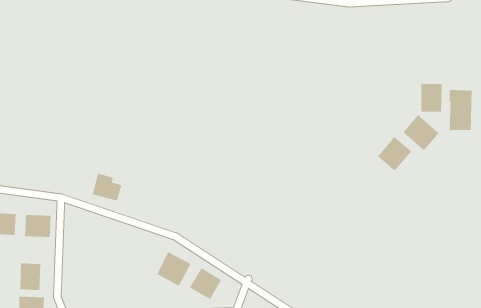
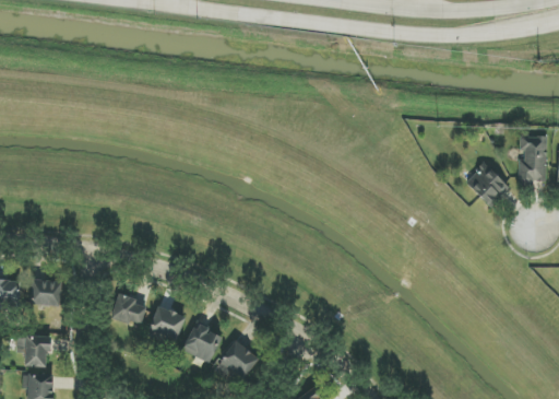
building: [421,83,442,113] -> none
building: [377,136,412,171] -> none
building: [92,173,122,201] -> [111,292,146,325]
building: none -> [147,305,186,342]

